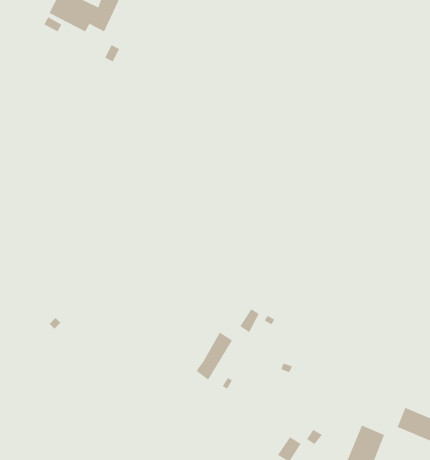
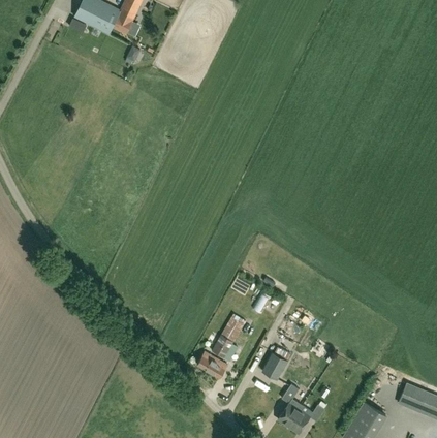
building: none -> [263,346,289,378]
building: none -> [196,350,227,377]
building: none -> [278,384,302,427]

